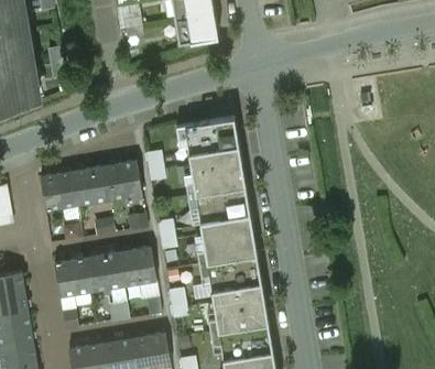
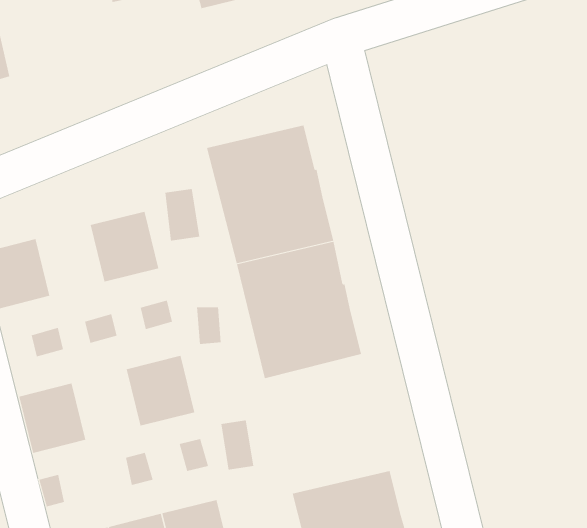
building: [72,165,109,205] -> none
building: [86,251,123,291] -> none
building: [198,253,268,332] -> none

